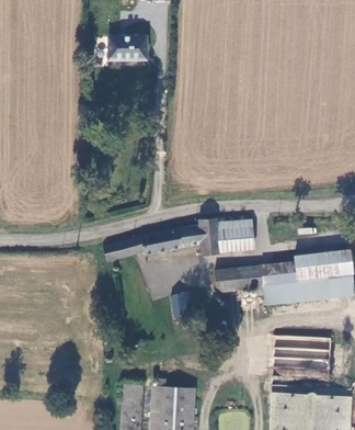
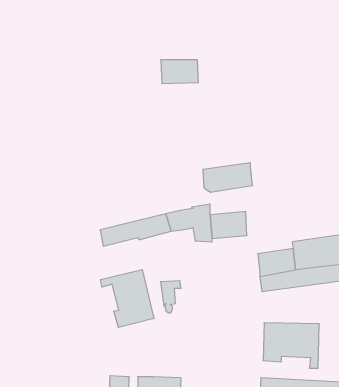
building: [110,34,148,58] -> [161,60,198,84]
building: [220,262,271,292] -> [203,163,253,192]
building: none -> [100,269,154,327]

